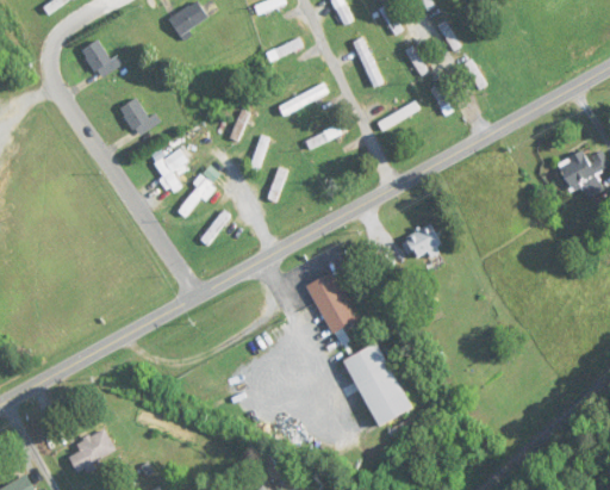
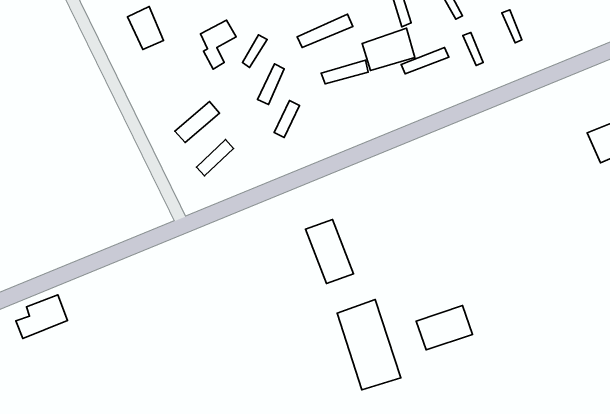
building: none -> [362,28,415,70]
building: [155,147,188,193] -> [200,20,236,69]
building: [405,225,440,256] -> none
building: none -> [416,306,473,350]
building: [68,428,116,472] -> [16,295,68,339]

